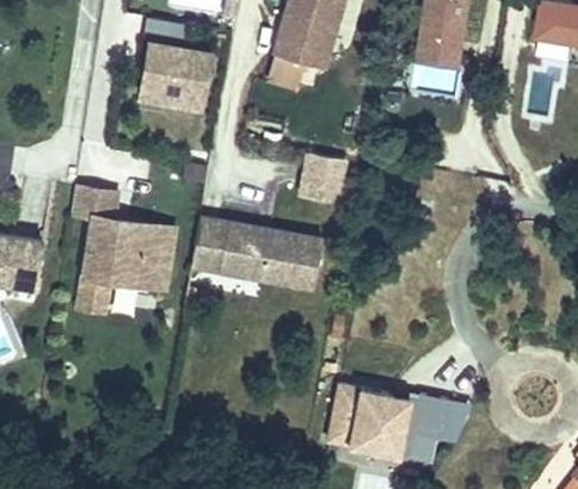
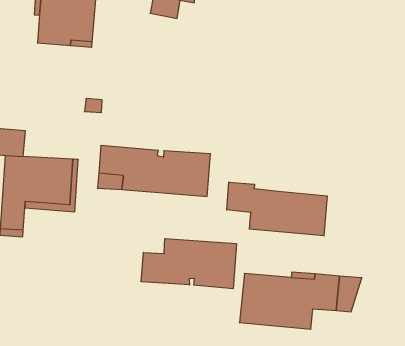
building: [302,156,346,202] -> none
building: none -> [227,182,327,236]
building: none -> [141,239,236,289]

